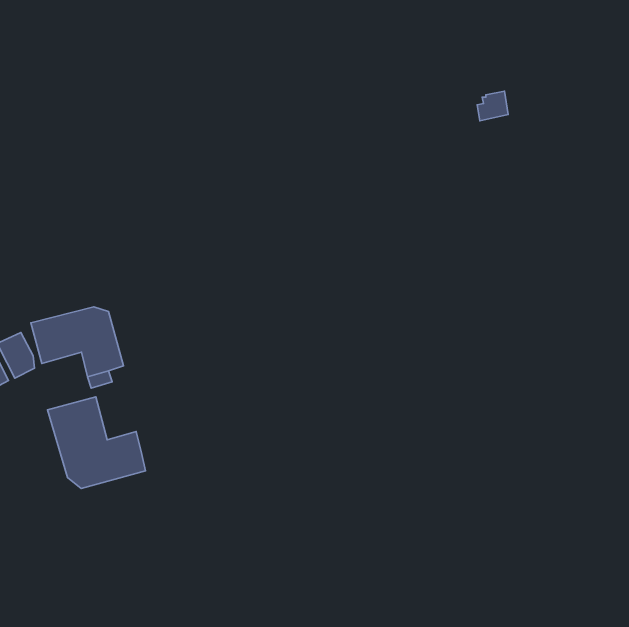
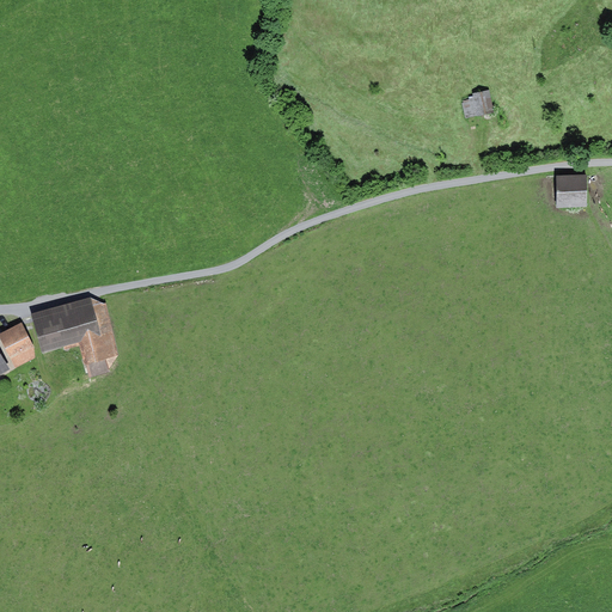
building: none -> [556,175,586,206]
building: [48,397,145,489] -> none

